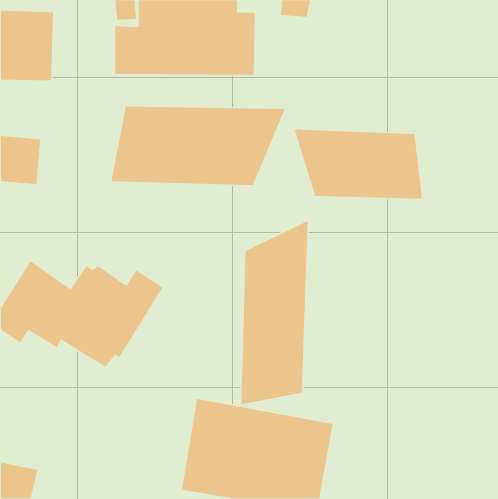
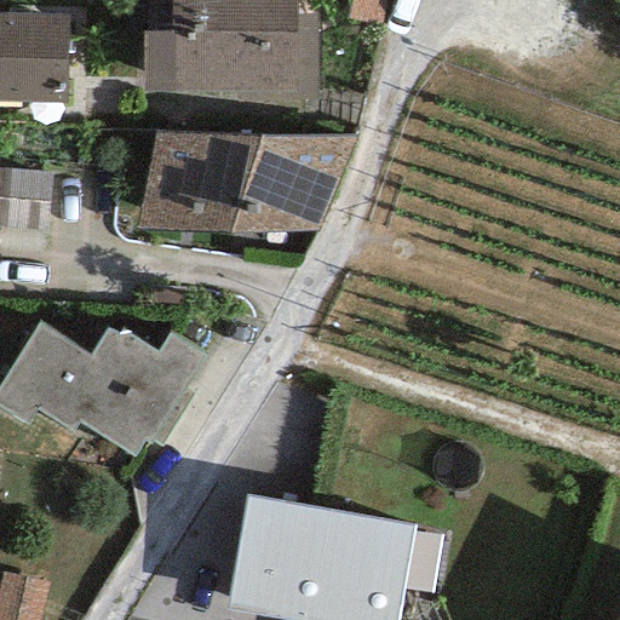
building: [293,129,423,200] -> none
building: [241,220,308,405] -> none

